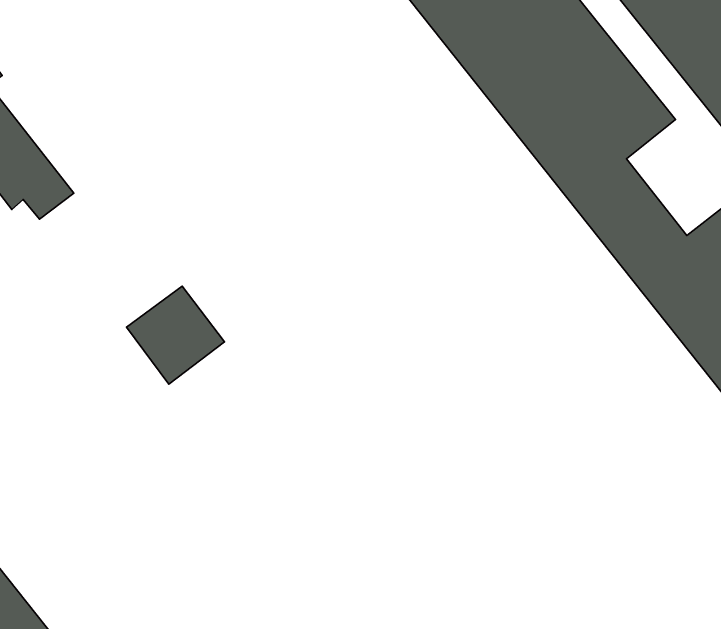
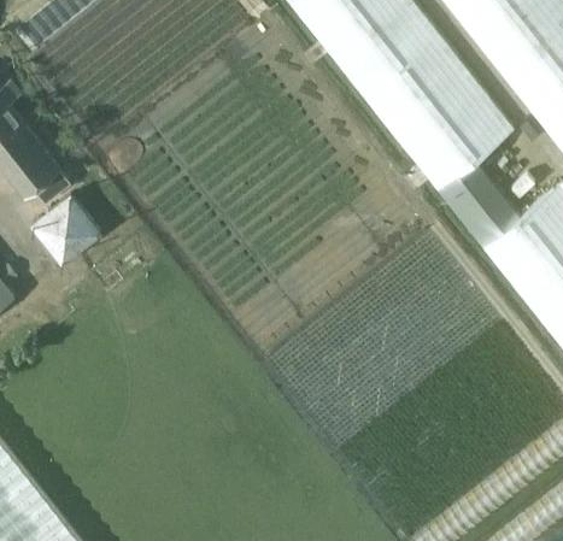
building: [126,286,225,384] -> [31,196,104,269]

